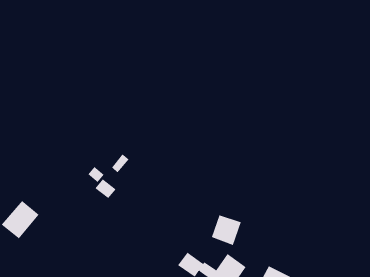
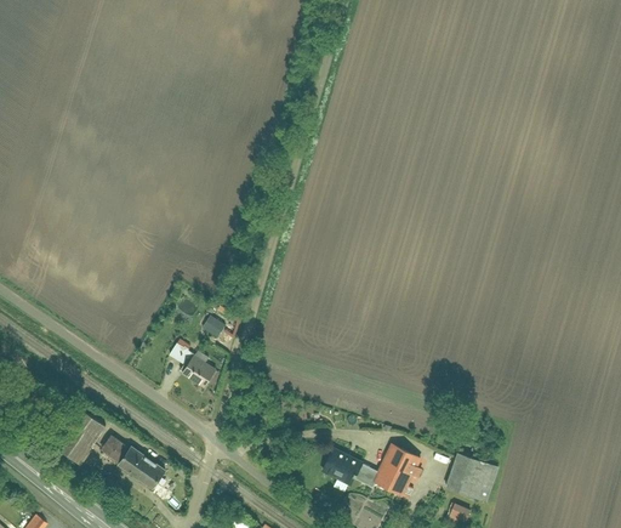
building: [211,214,241,246] -> none
building: none -> [106,436,167,488]

